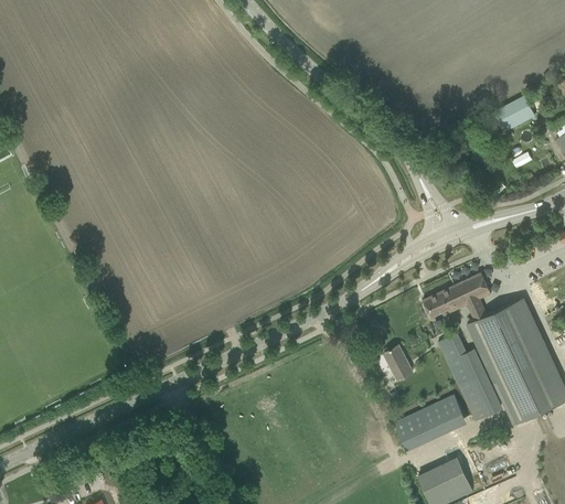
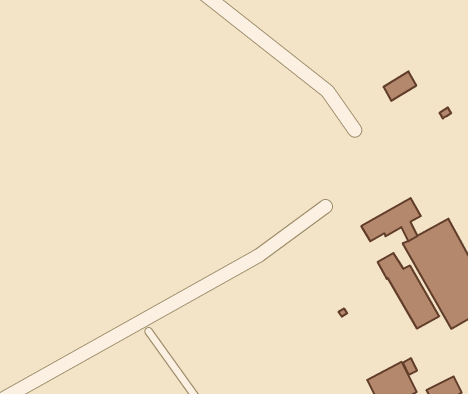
building: [495,97,533,129] -> [383,71,416,101]
building: [384,346,414,380] -> none
building: [394,395,468,451] -> none

